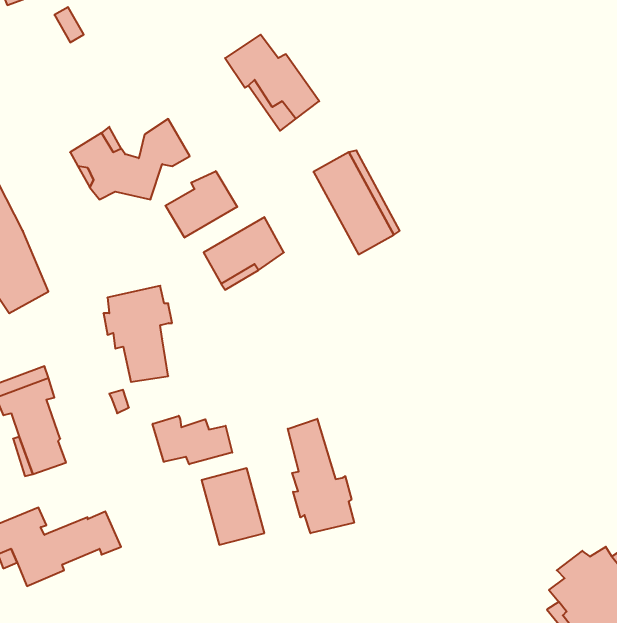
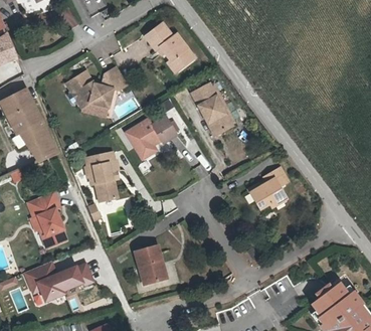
building: [165,171,237,238] -> none
building: none -> [248,168,286,208]
building: [153,416,232,464] -> none
building: [288,419,354,533] -> none

